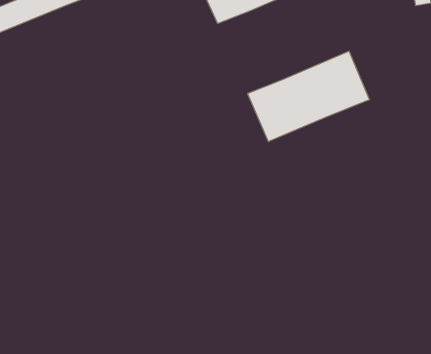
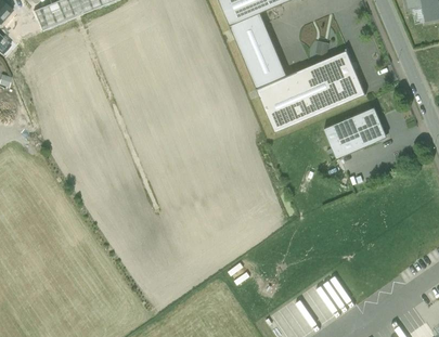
building: none -> [230,12,287,87]
building: none -> [324,106,387,157]

